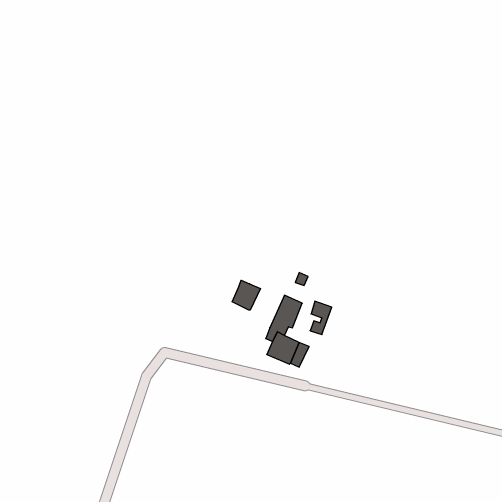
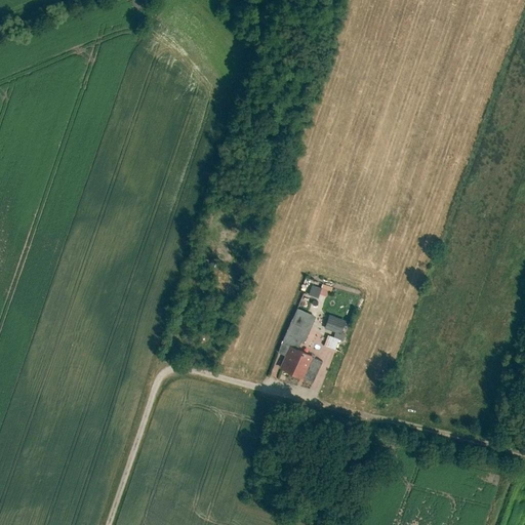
building: [232,280,260,310] -> none

